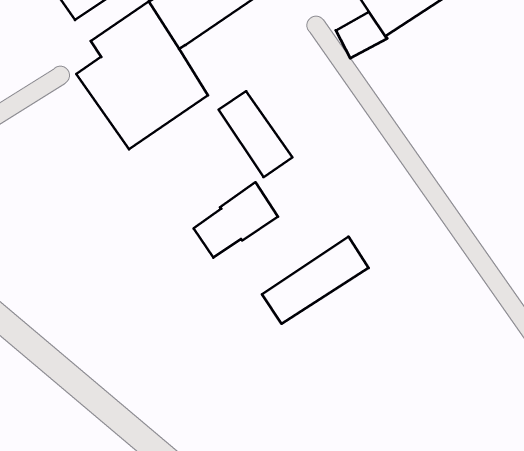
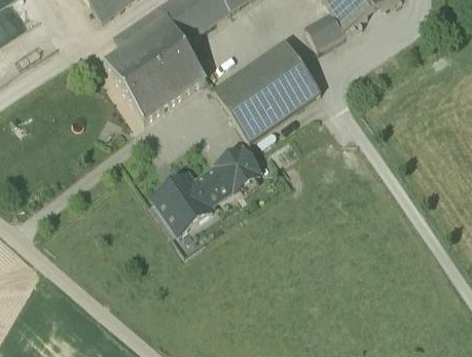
building: none -> [237,39,321,124]
building: none -> [154,172,214,231]
building: [262,237,369,324] -> none

